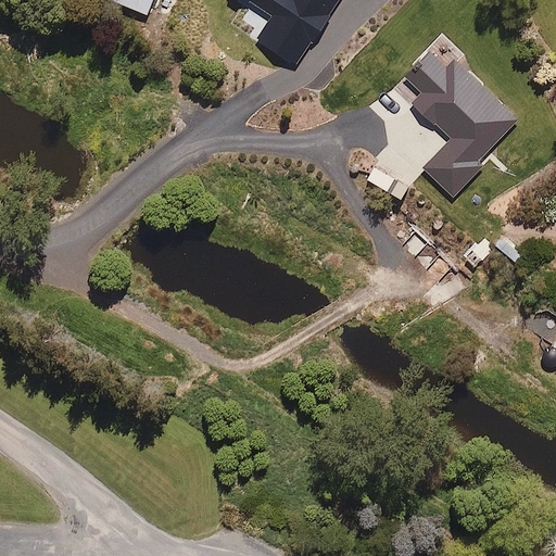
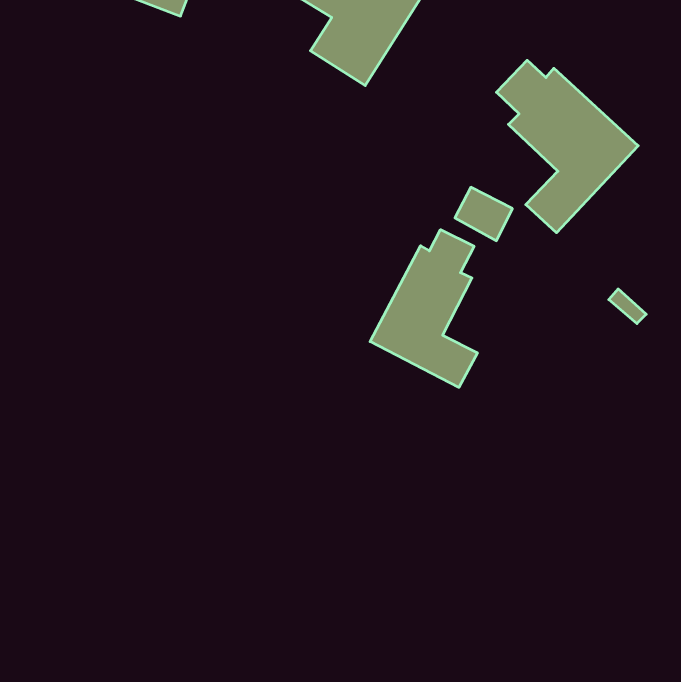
building: none -> [370,230,477,387]

